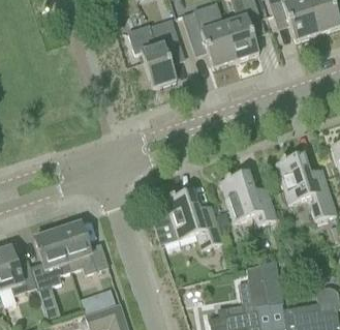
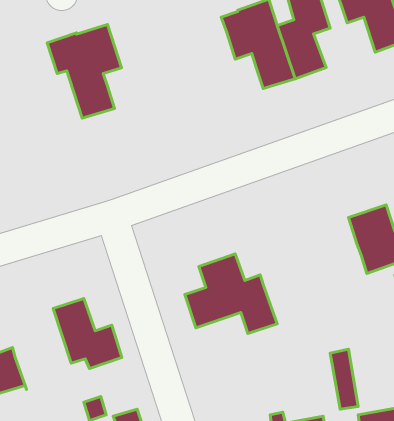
building: [127,18,182,87] -> [47,24,121,118]
building: [220,171,277,226] -> none
building: [30,230,71,290] -> none
building: [246,263,270,306] -> none

